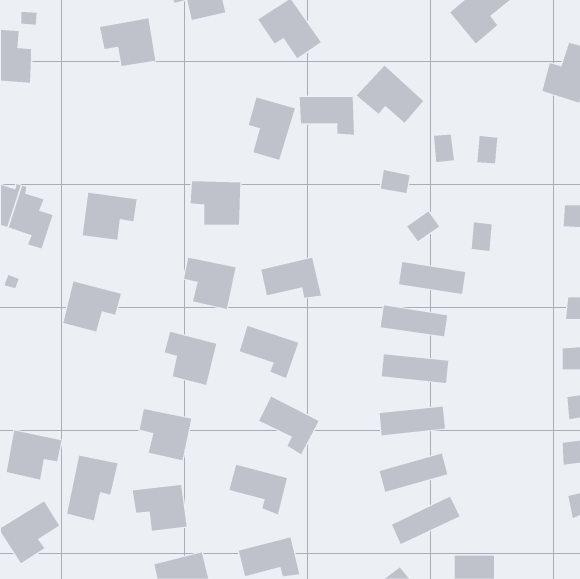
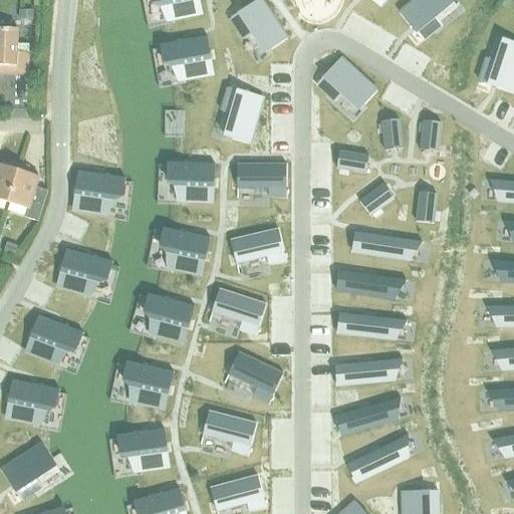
building: [99,18,156,67] -> [163,34,213,77]
building: [299,96,355,135] -> [237,162,286,196]
building: none -> [25,316,79,363]
building: [66,455,118,521] -> none

